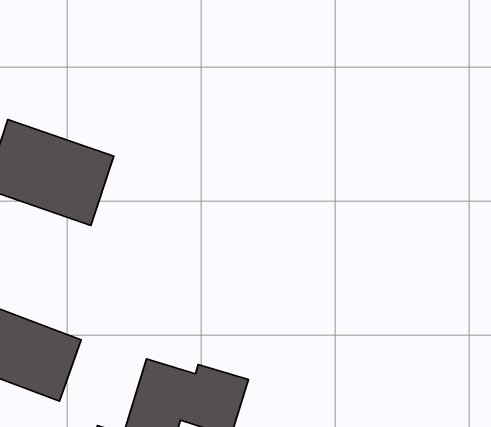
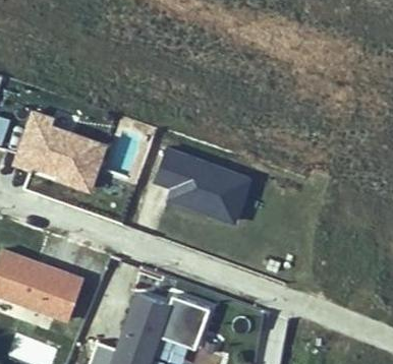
building: none -> [148,147,254,226]

